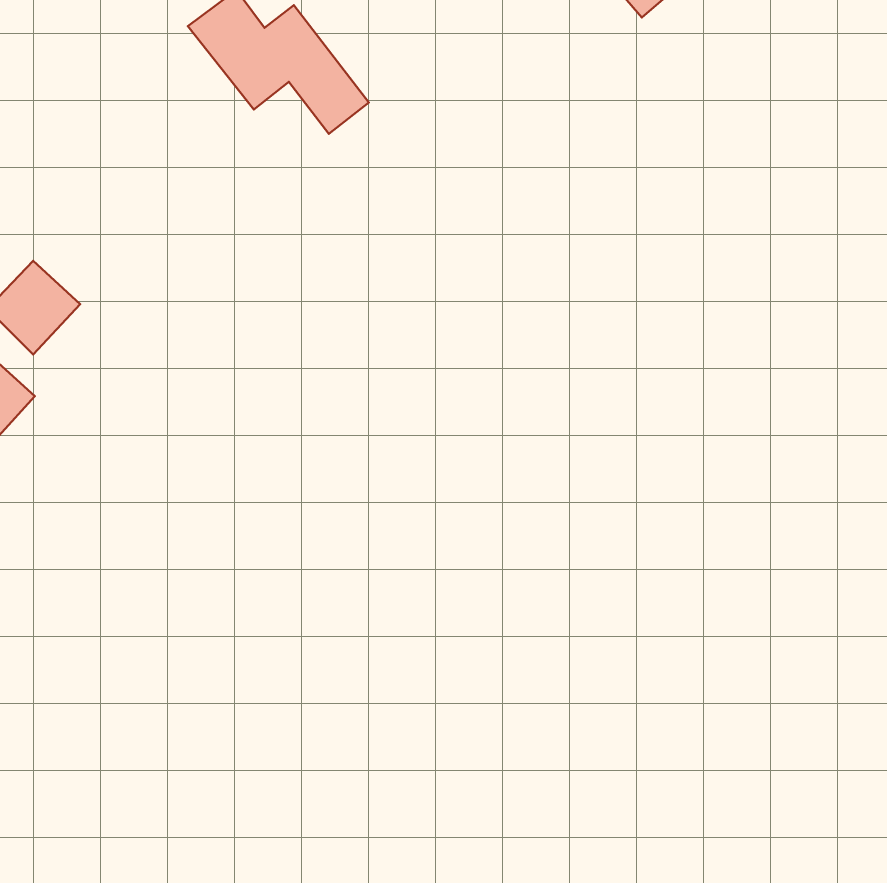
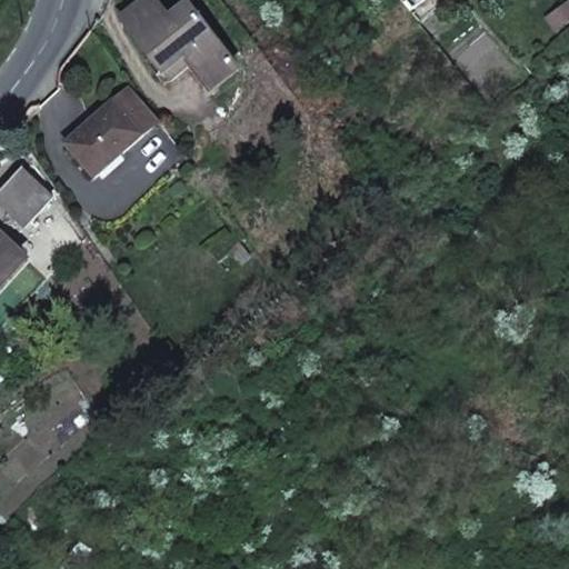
building: none -> [64,86,157,176]

